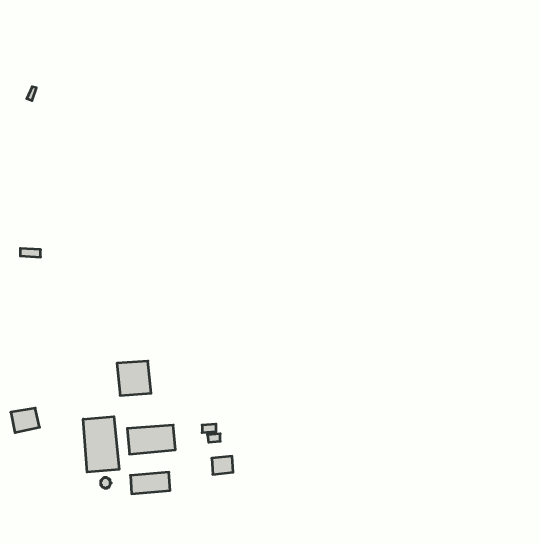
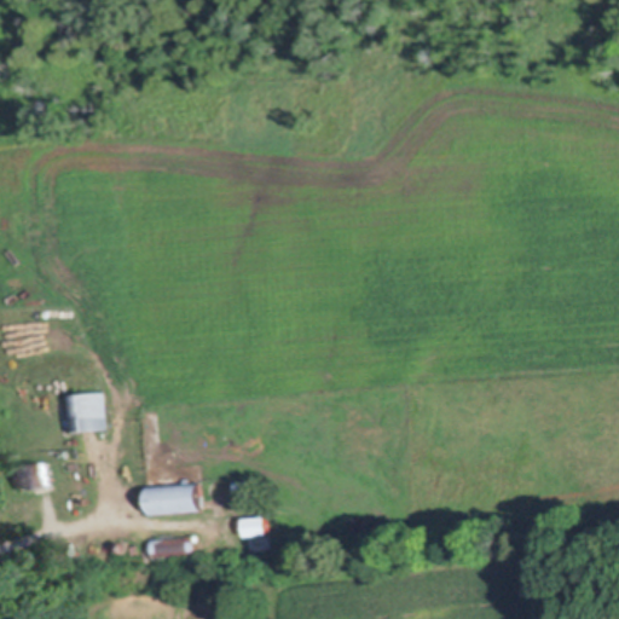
building: [117,361,151,395] -> [63,393,102,432]
building: [83,417,119,472] -> none

